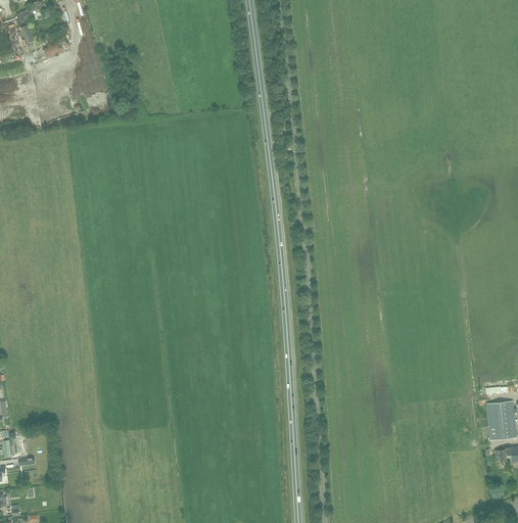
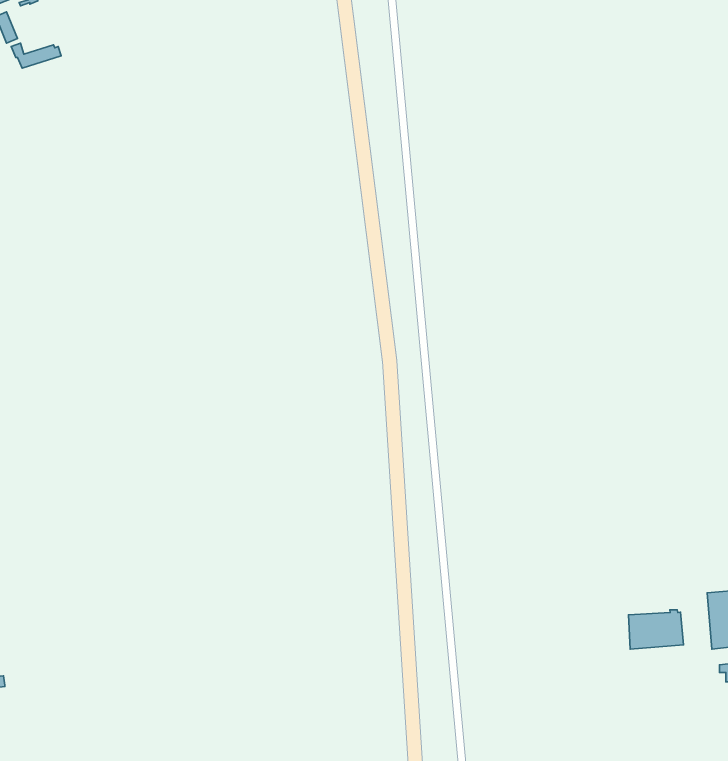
building: none -> [629,610,683,649]

